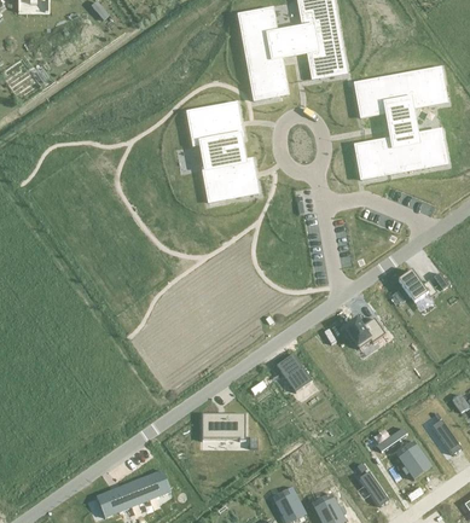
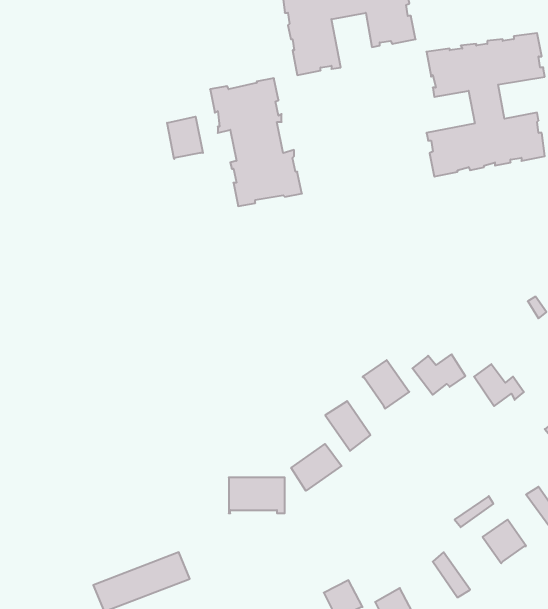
building: none -> [167,117,203,159]
building: [398,269,436,302] -> [474,364,524,406]
building: none -> [363,360,409,409]
building: none -> [291,444,342,491]

